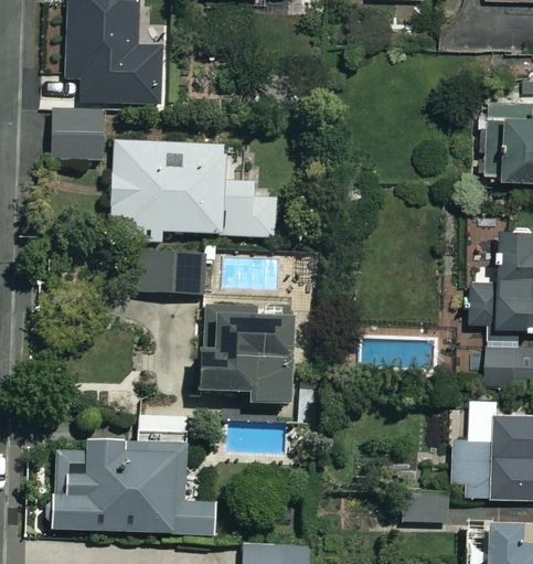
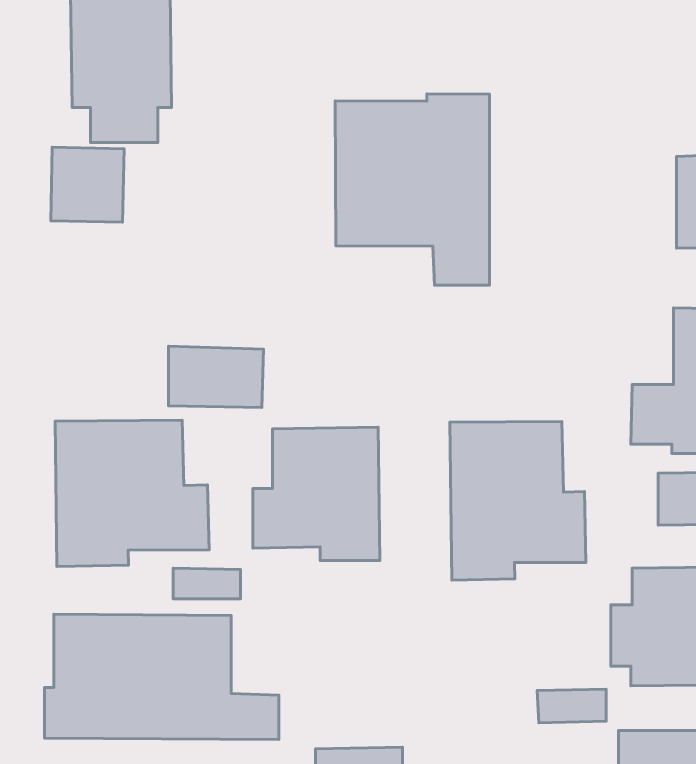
building: none -> [335,94,490,285]
building: [111,142,278,245] -> none
building: none -> [55,420,209,567]
building: none -> [450,421,586,580]

